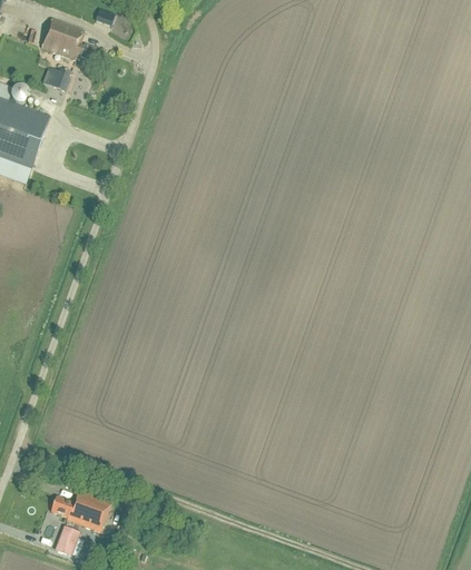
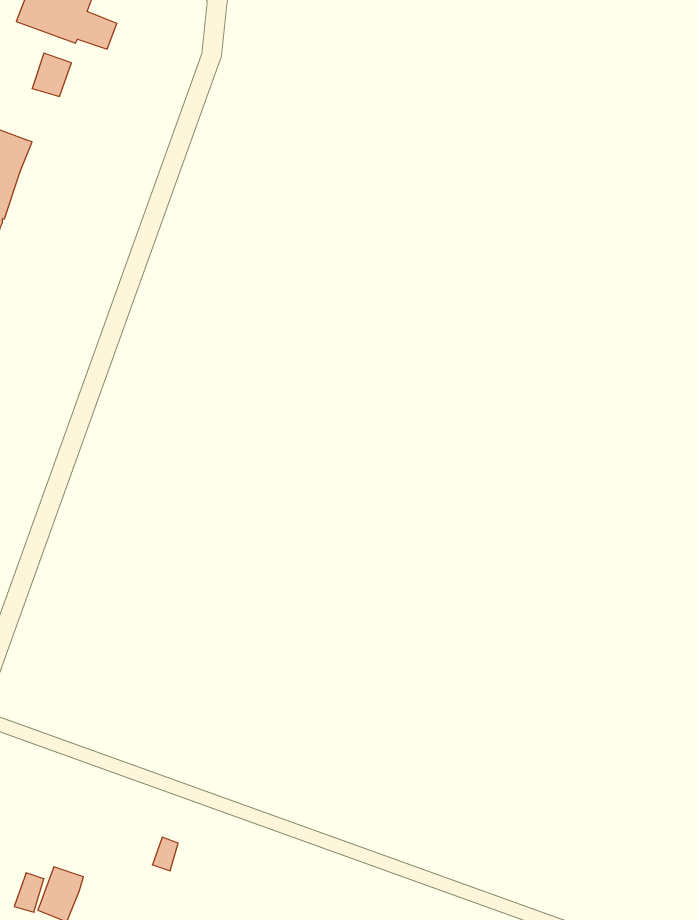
building: [50,489,110,531] -> none

